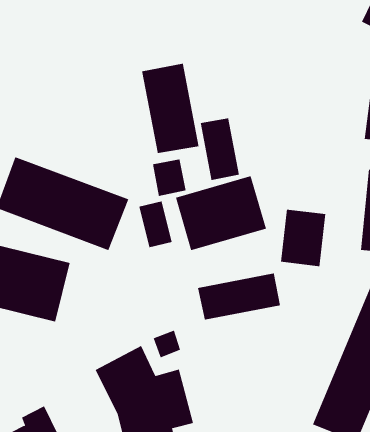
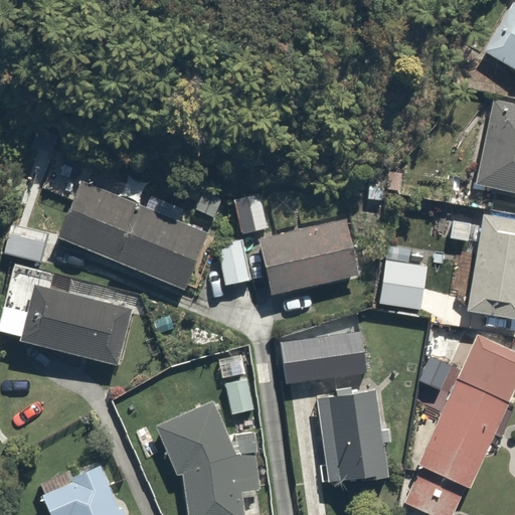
building: [142,63,199,154] -> none
building: [200,118,240,181] -> none
building: none -> [317,389,386,480]

